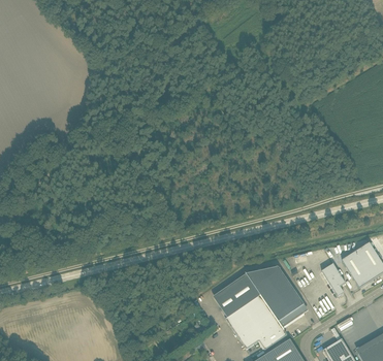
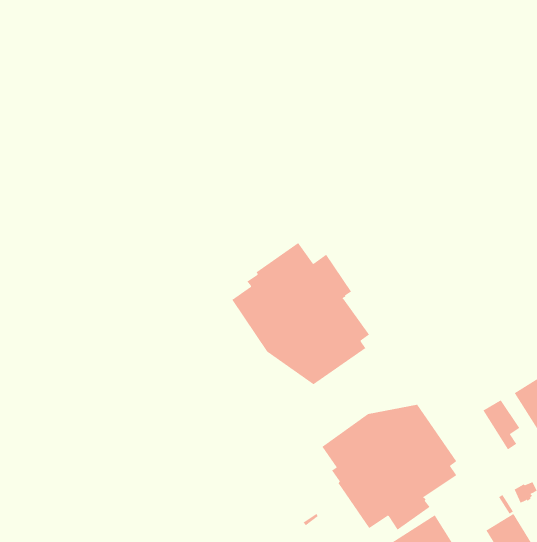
building: none -> [231,242,370,385]

